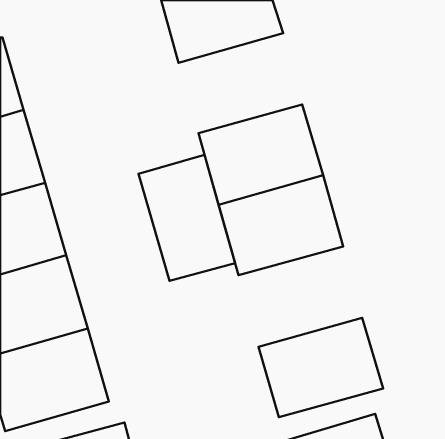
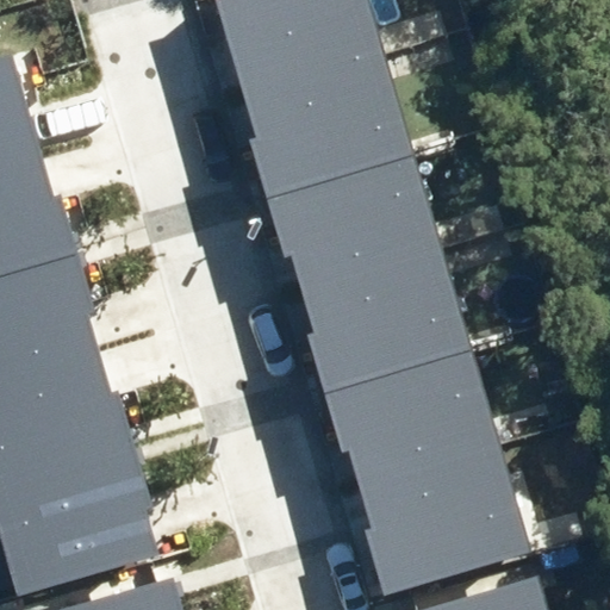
building: none -> [244,54,413,191]
building: [138,155,235,281] -> none
building: none -> [326,346,496,483]

